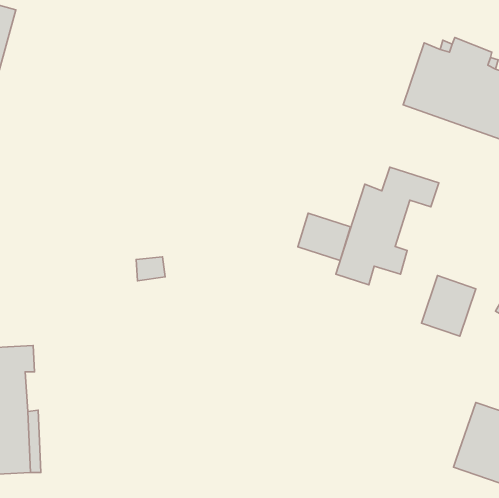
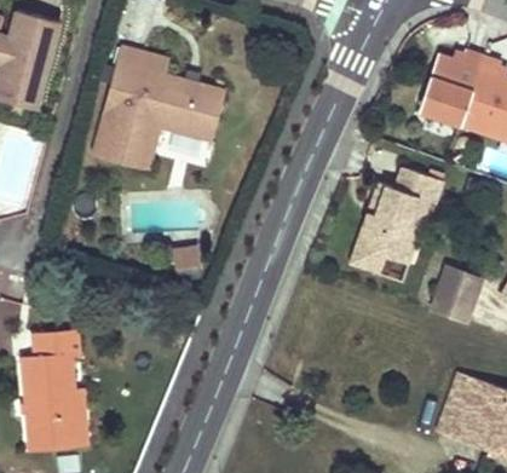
building: none -> [96,47,225,168]
building: [298,213,351,261] -> none
building: none -> [438,373,482,433]

